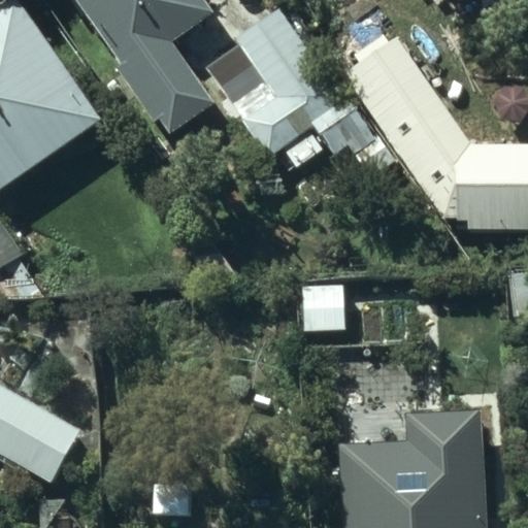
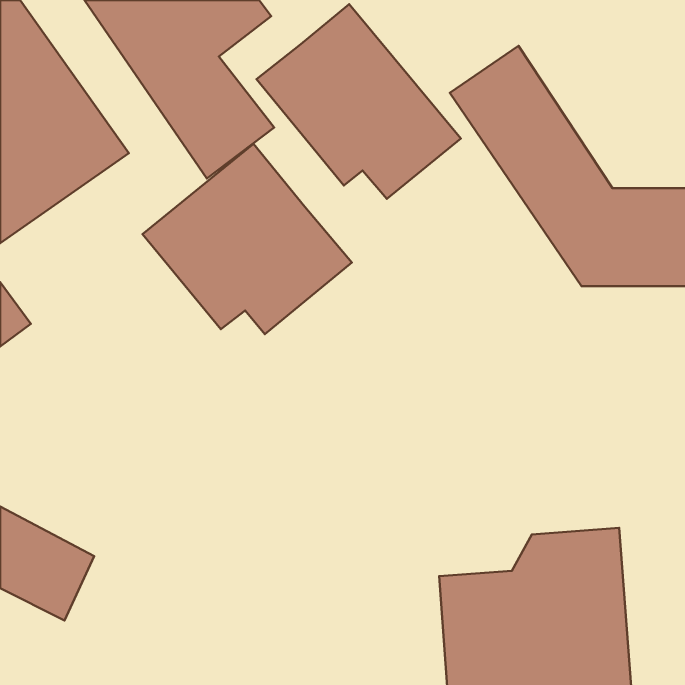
building: none -> [142,144,352,334]

